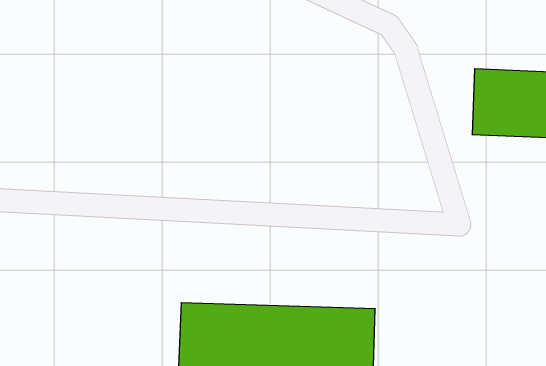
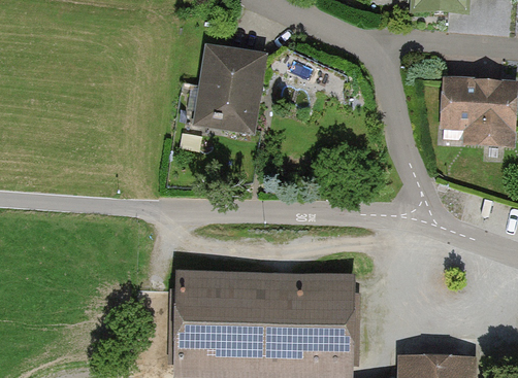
building: none -> [196,42,265,128]

